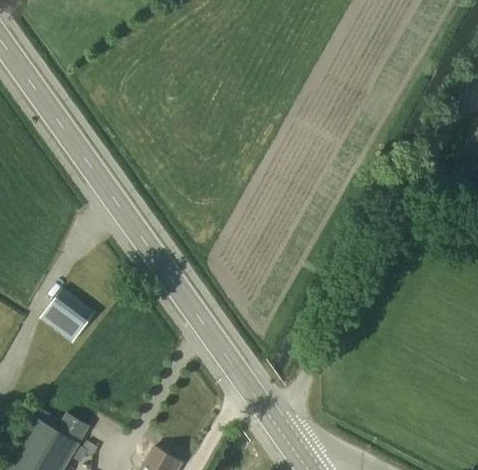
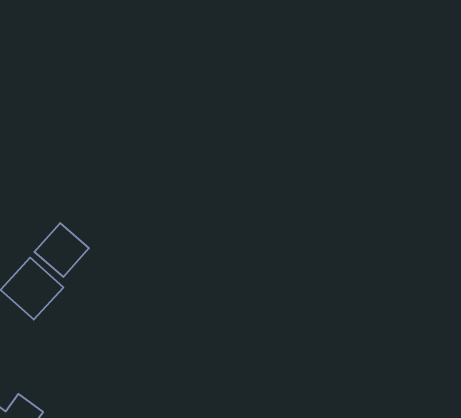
building: none -> [34,223,89,277]

